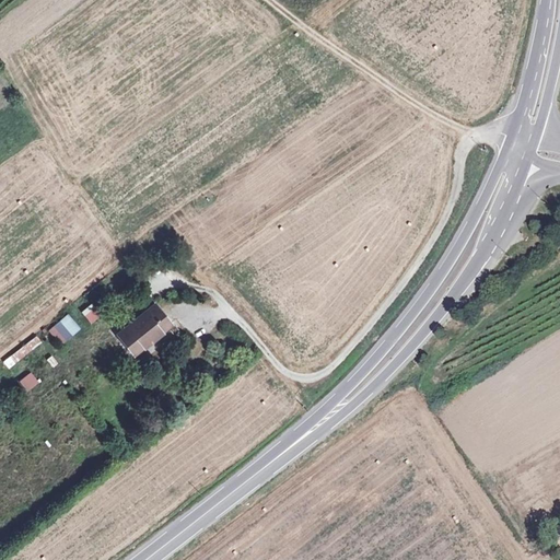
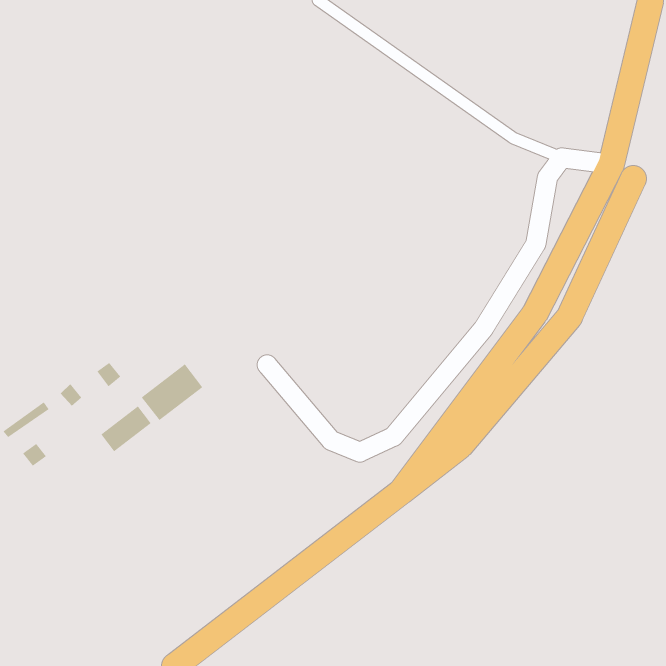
building: none -> [101,406,152,452]

